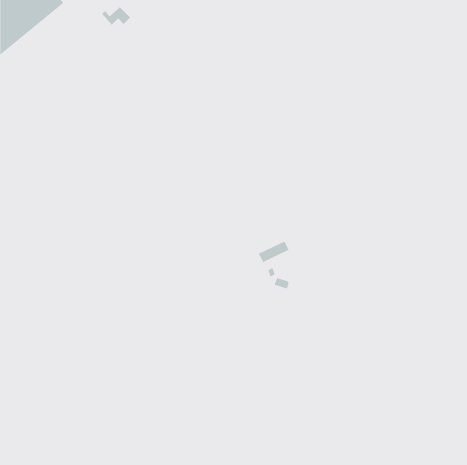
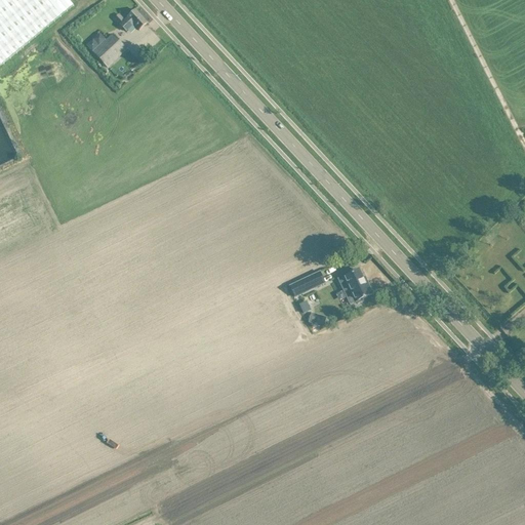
building: none -> [92,32,126,65]
building: none -> [337,268,371,301]

